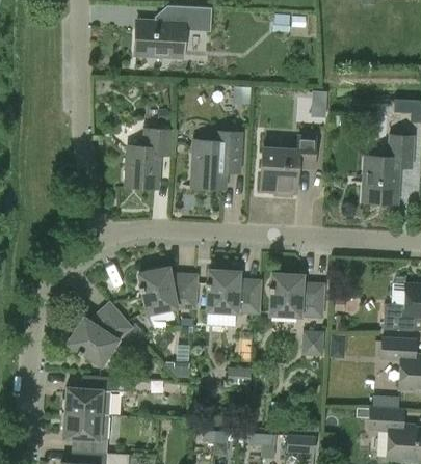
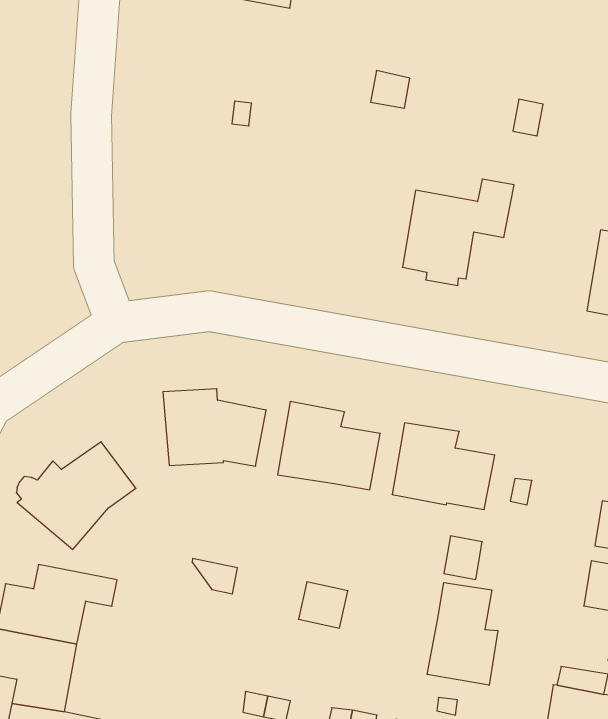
building: [124,128,174,189] -> none
building: [192,131,243,188] -> none
building: none -> [427,583,498,685]

